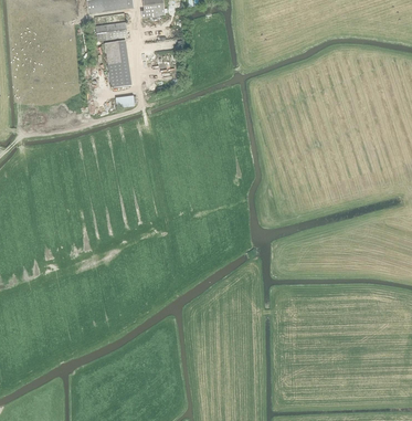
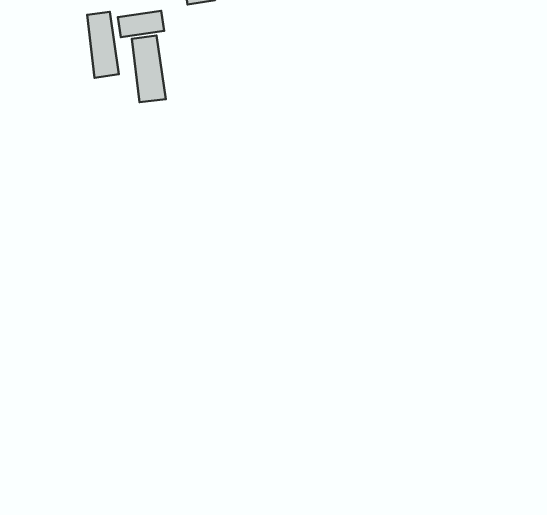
building: none -> [87,12,119,78]

